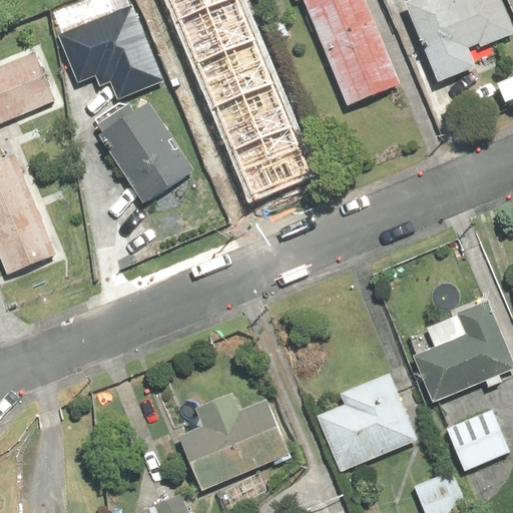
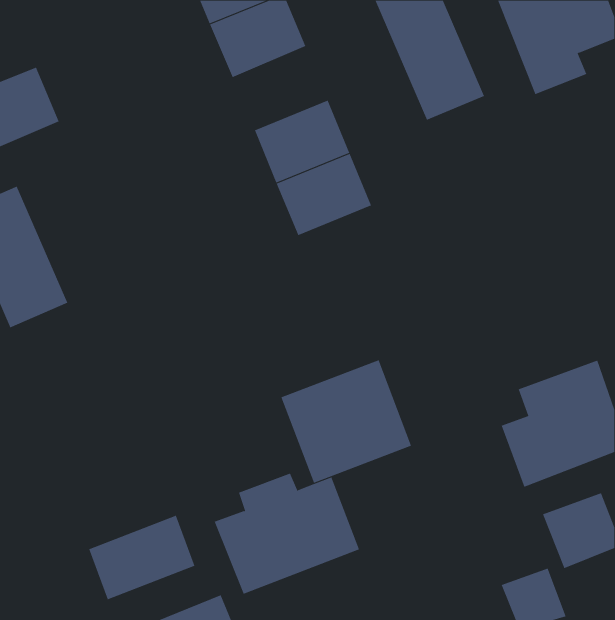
building: [58,12,154,101] -> none
building: [191,39,271,108] -> none
building: [104,103,198,202] -> none
building: [313,369,421,471] -> [281,360,412,484]
building: none -> [88,515,195,600]

